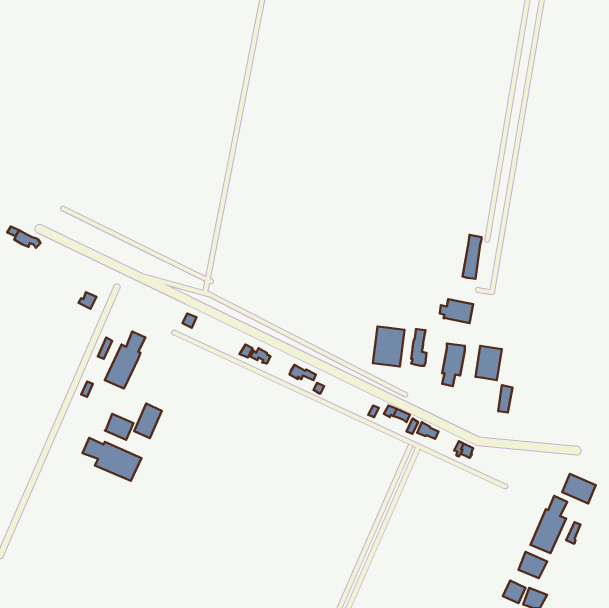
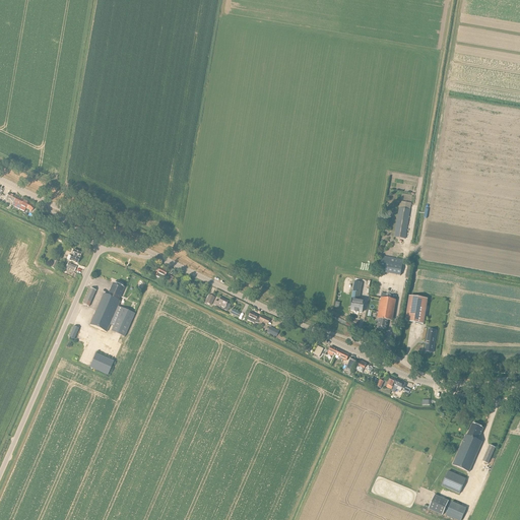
building: [373,327,404,366] -> none
building: [134,404,162,438] -> [111,307,134,336]
building: [83,438,141,481] -> none
building: [562,474,596,503] -> none

